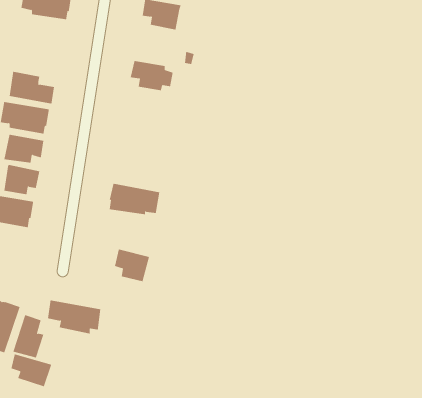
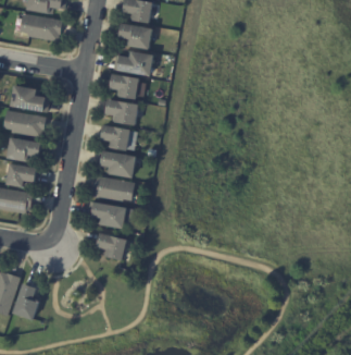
building: none -> [113,51,153,76]
building: none -> [106,99,138,125]
building: none -> [101,125,138,150]
building: none -> [97,150,136,179]
building: [47,300,101,334] -> [88,201,133,230]
building: [11,354,52,387] -> none

